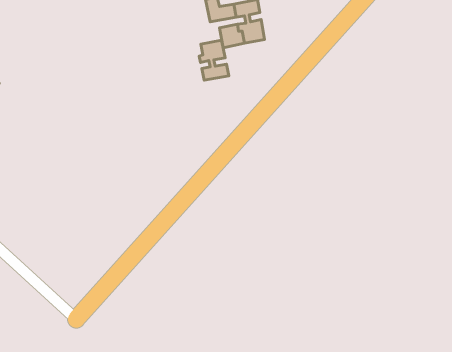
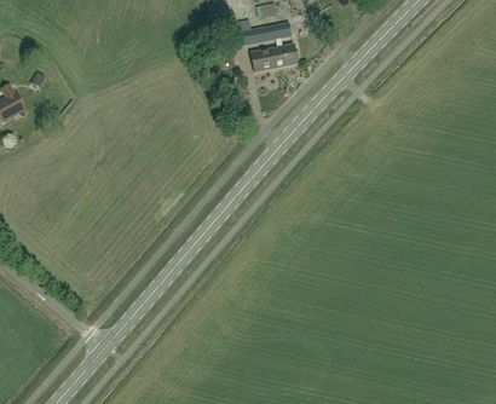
building: [199,40,229,80] -> none

